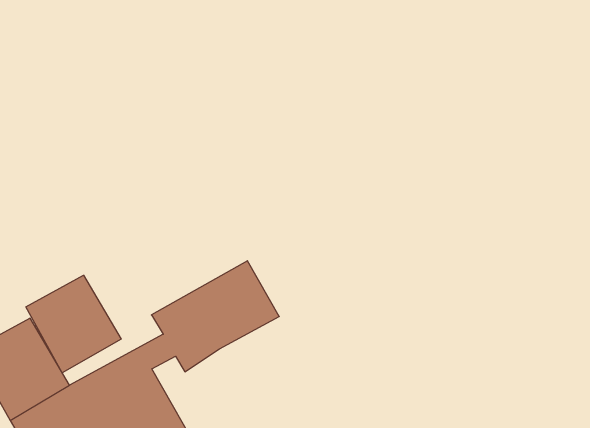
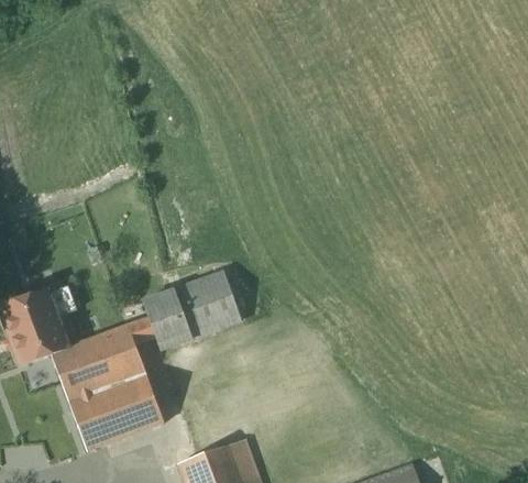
building: [26,275,121,373] -> none

